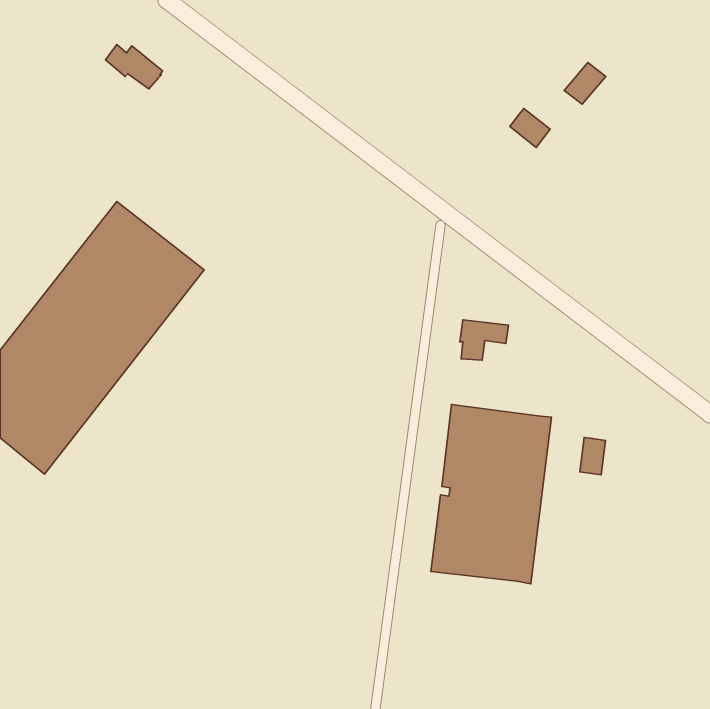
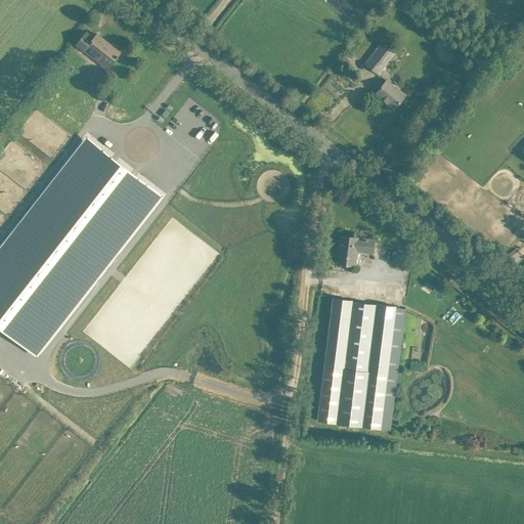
building: [564,63,606,104] -> [364,44,395,75]
building: [580,437,606,475] -> none

